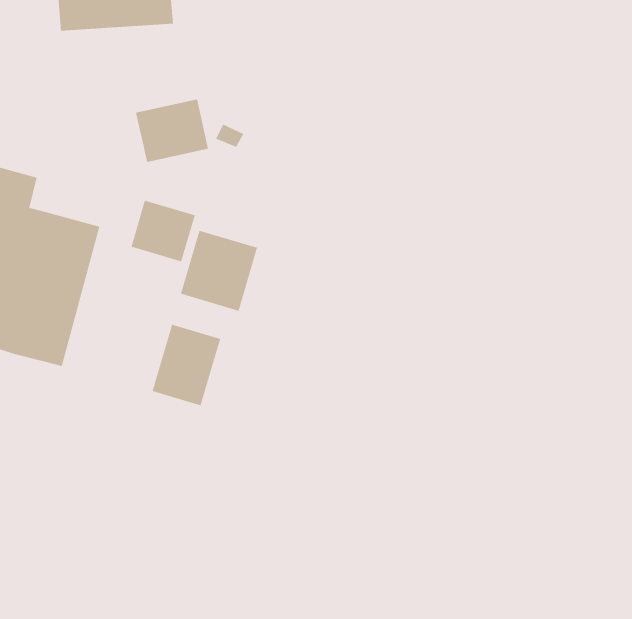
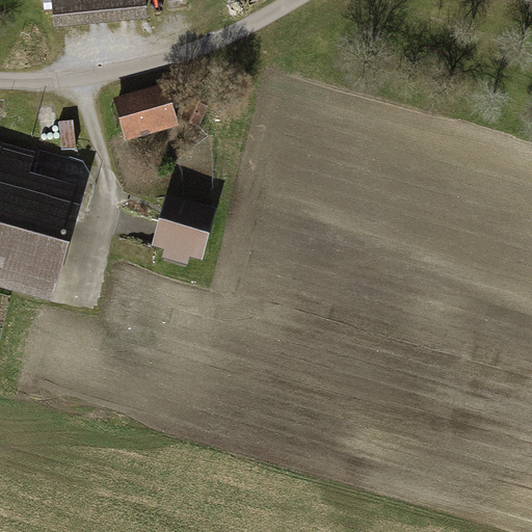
building: [131,200,195,262] -> none
building: [152,324,221,406] -> none

